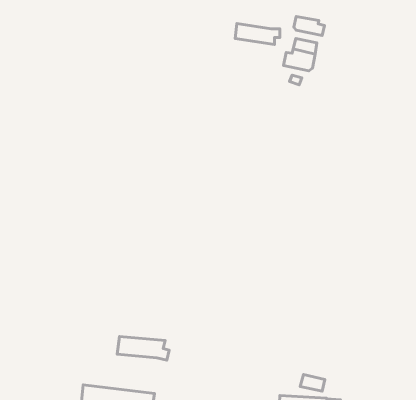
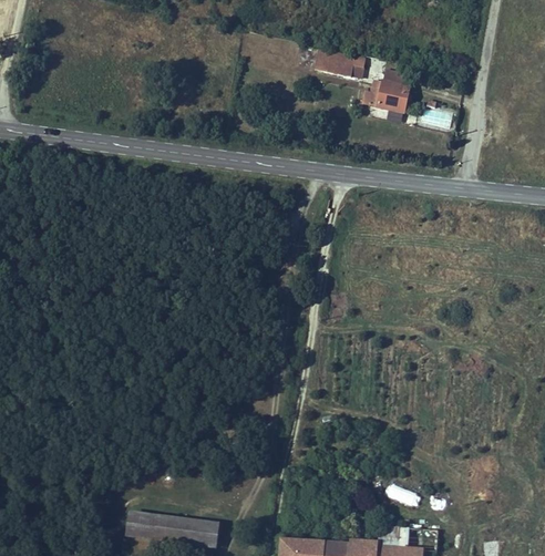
building: [294,16,324,36] -> none
building: [117,337,169,360] -> none

